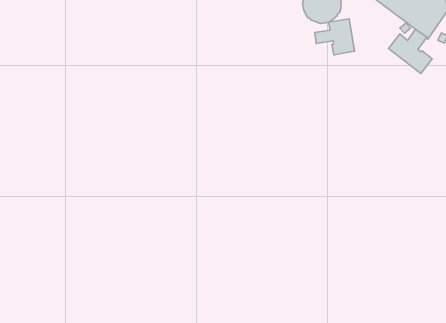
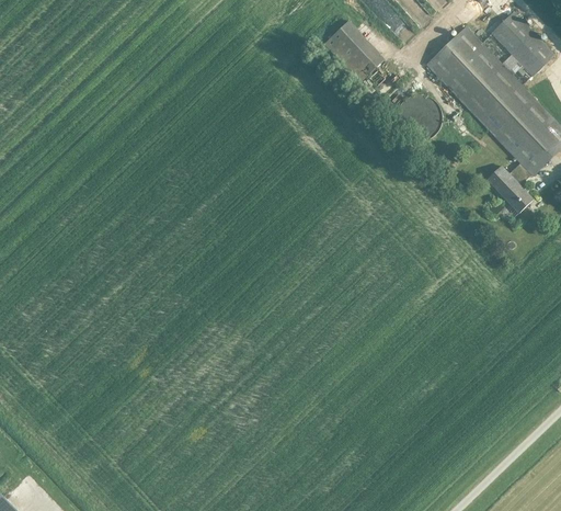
building: [315,19,355,55] -> none

